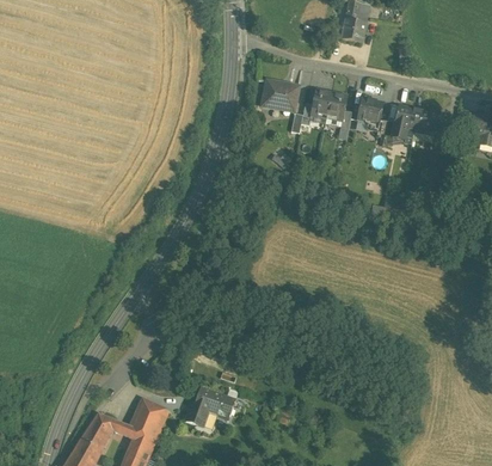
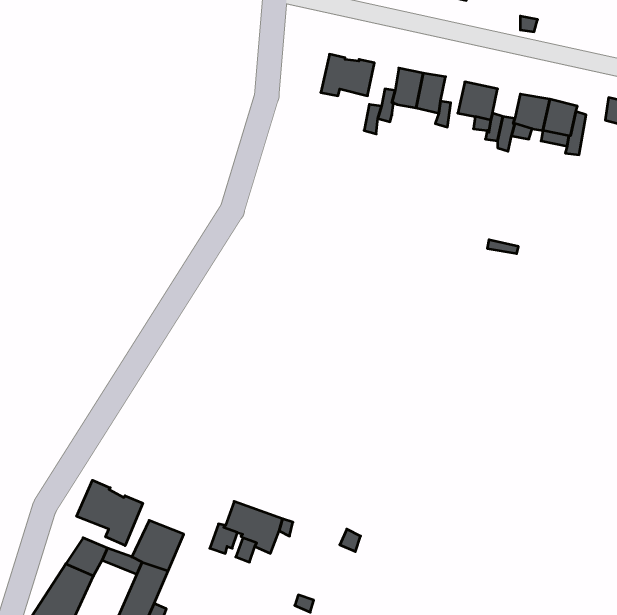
building: none -> [77,480,143,546]

